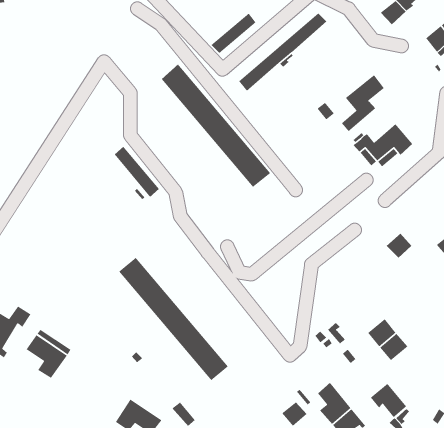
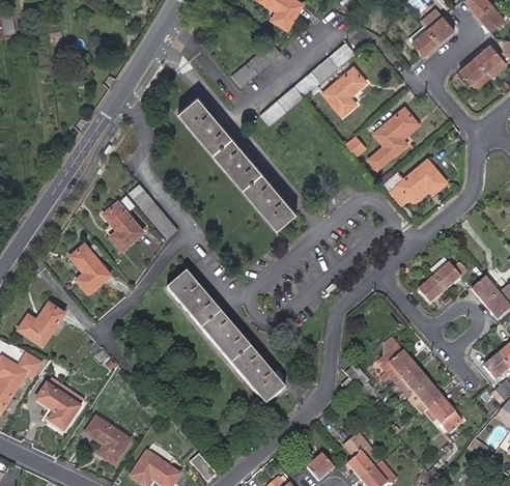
building: none -> [322,67,365,115]
building: none -> [103,200,143,251]
building: none -> [69,244,111,292]
building: none -> [427,257,466,289]
building: [118,257,229,381] -> [167,273,284,404]
building: none -> [18,302,65,346]
building: none -> [377,344,416,382]
building: none -> [85,417,131,465]
building: [370,383,407,418] -> [422,396,461,433]

